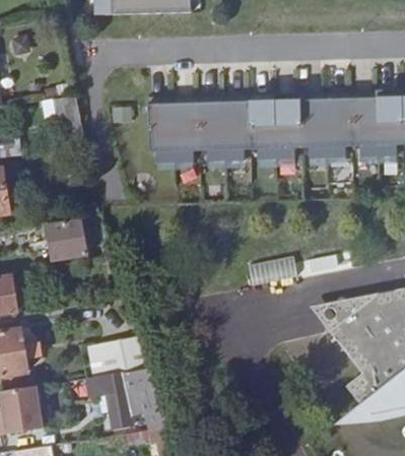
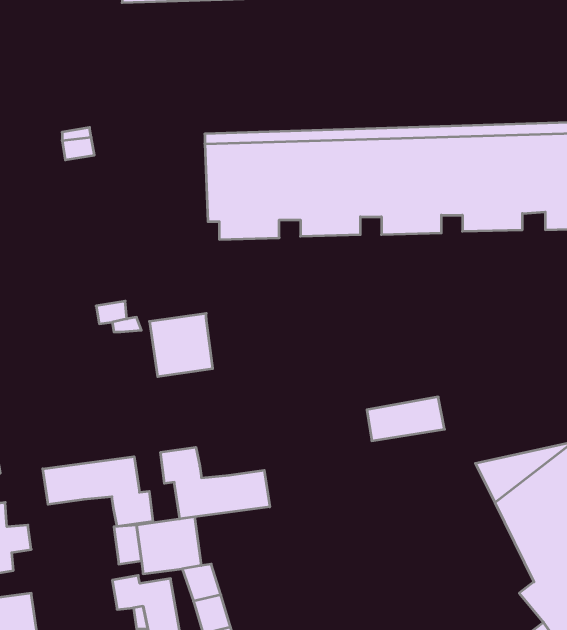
building: [46,221,85,261] -> [149,313,213,377]
building: none -> [161,447,270,519]
building: none -> [43,457,153,526]

